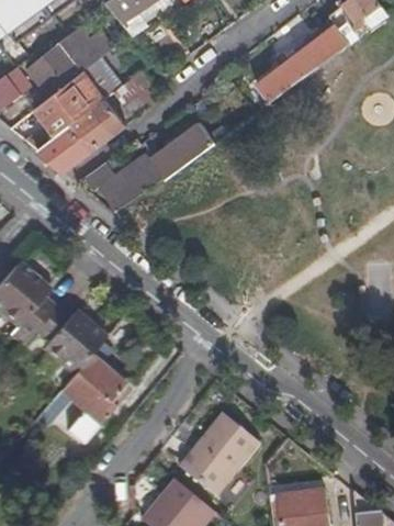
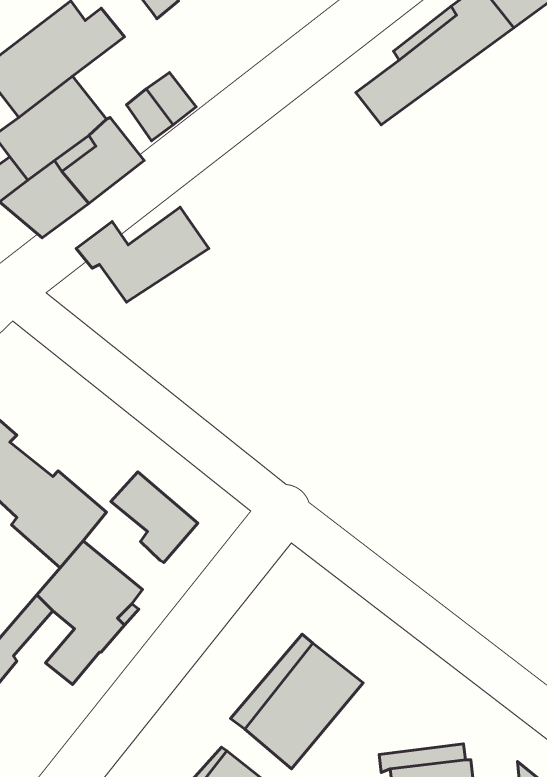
building: [153,122,219,178] -> none
building: none -> [111,472,198,563]

